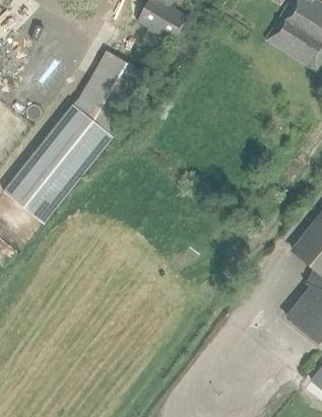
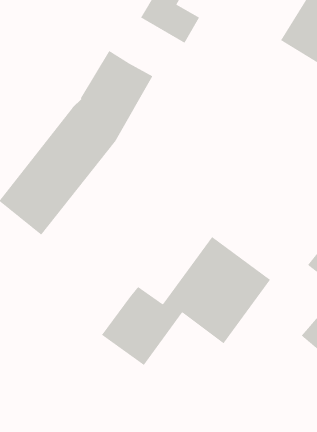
building: none -> [101,236,271,366]

